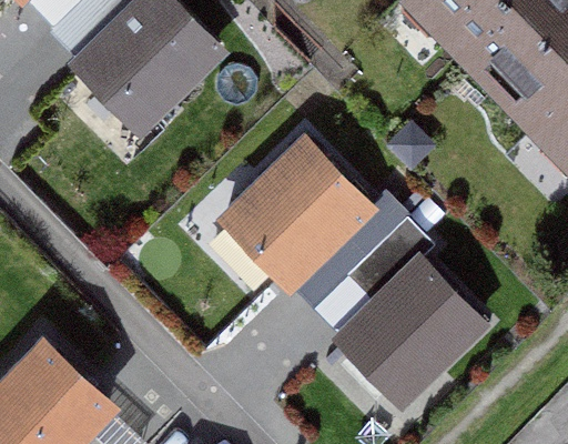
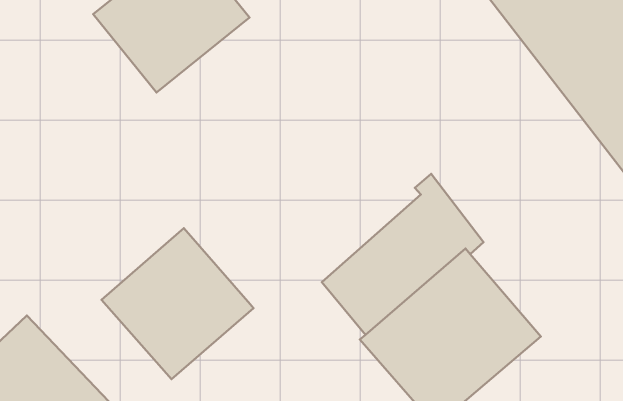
building: [215,130,378,293] -> none
building: none -> [102,228,254,379]

